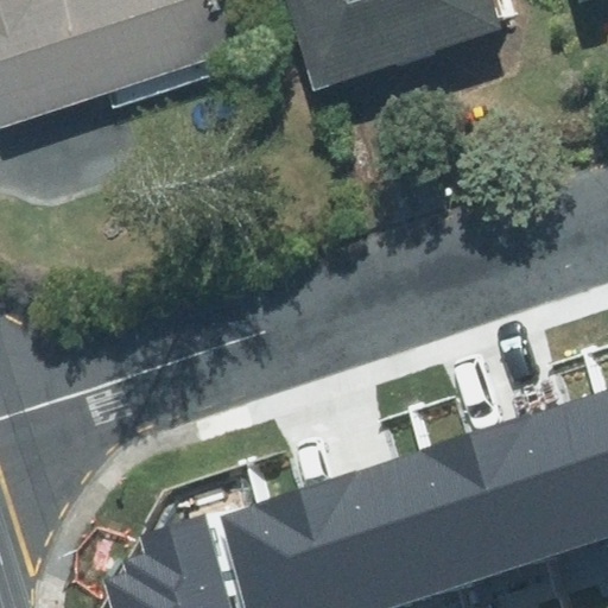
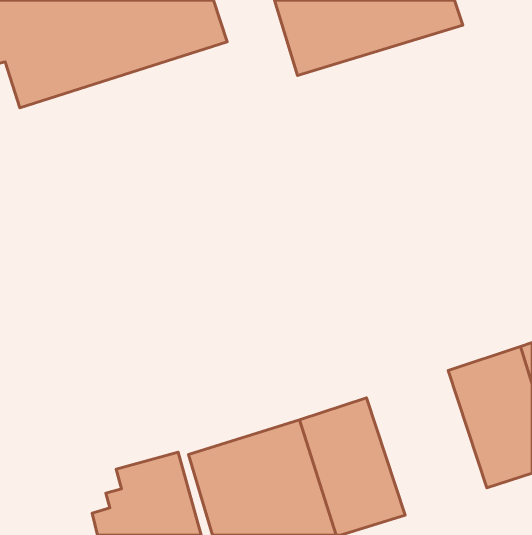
building: [416,420,552,584] -> none

